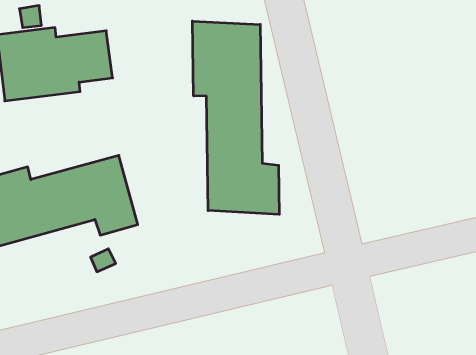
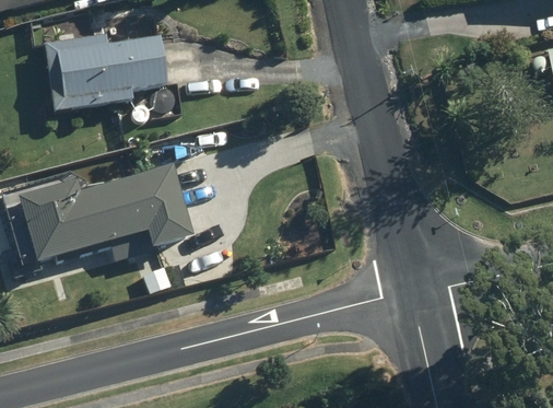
building: [192,21,279,214] -> none

